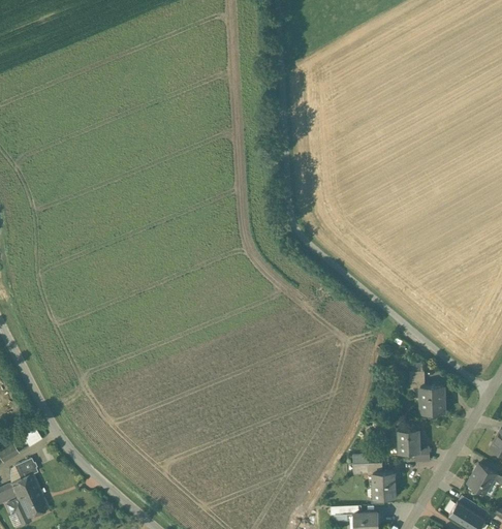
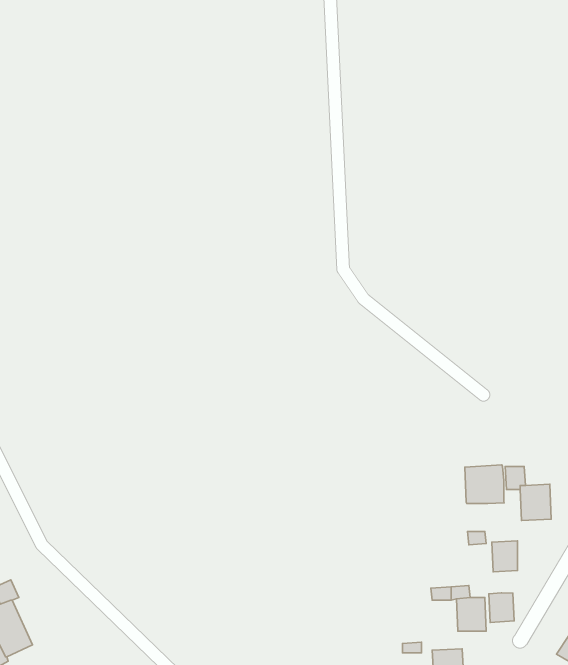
building: none -> [465,465,504,504]
building: none -> [489,593,514,623]

